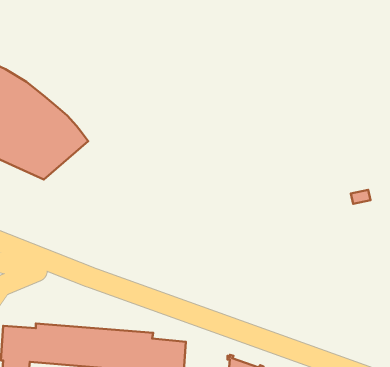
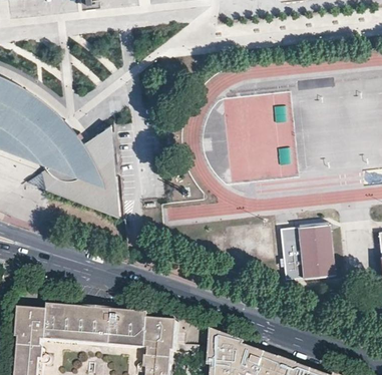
building: none -> [24,123,117,217]
building: none -> [281,224,335,279]

